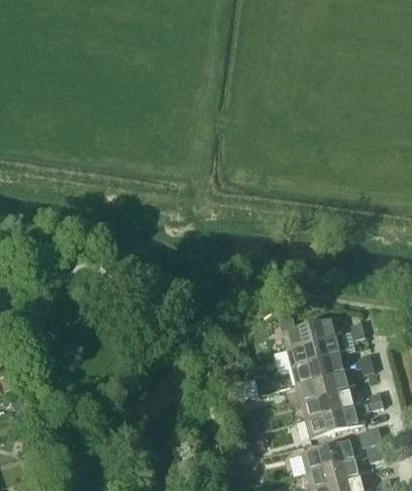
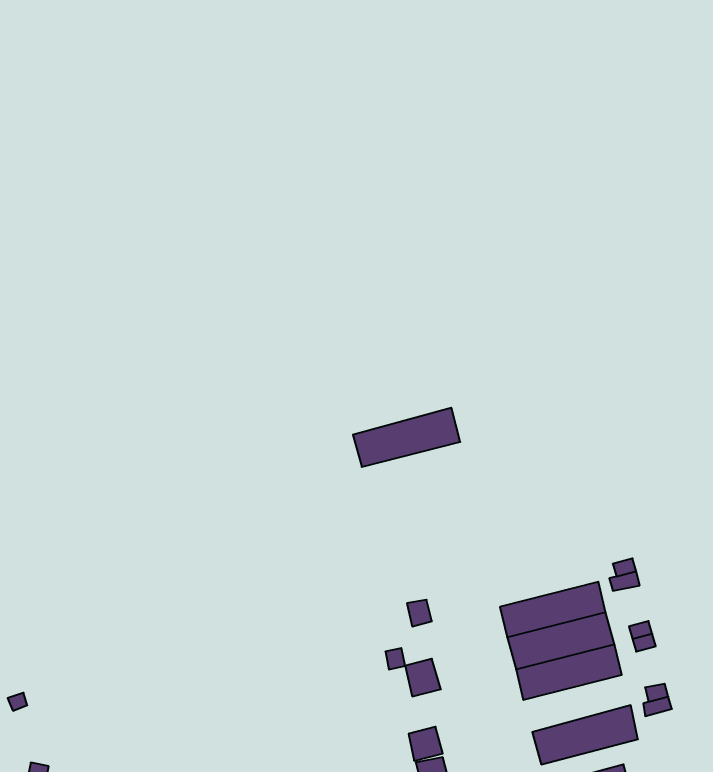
building: [280,314,340,348] -> [353,408,460,467]
building: [298,386,358,418] -> none

